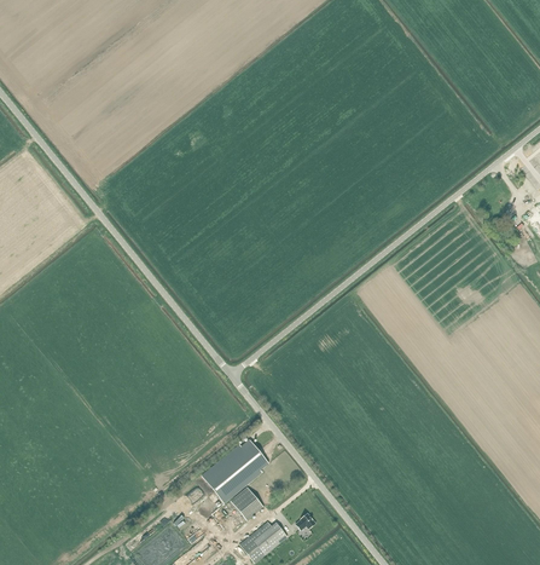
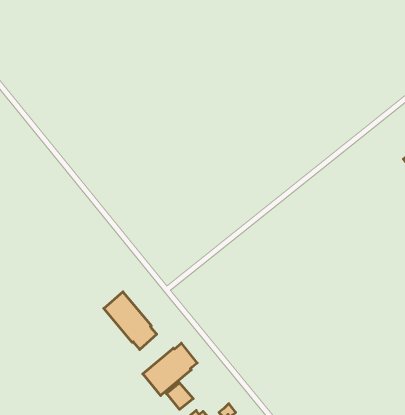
building: none -> [104,292,157,350]

